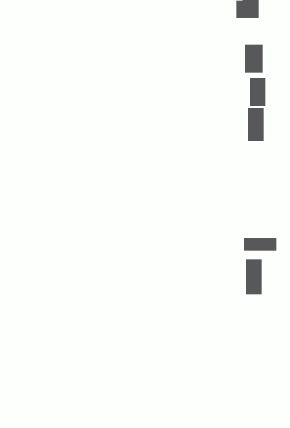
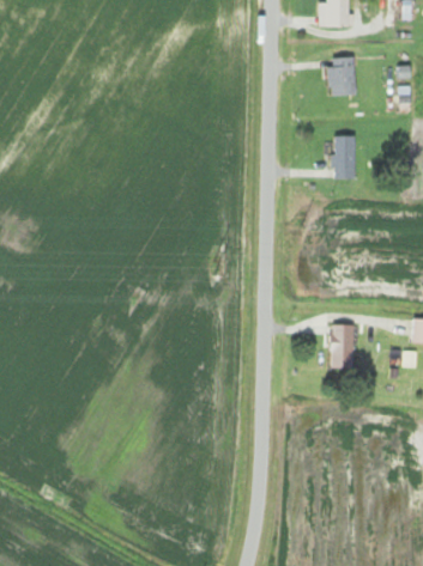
building: [249,77,266,107] -> none
building: [243,237,277,251] -> none

